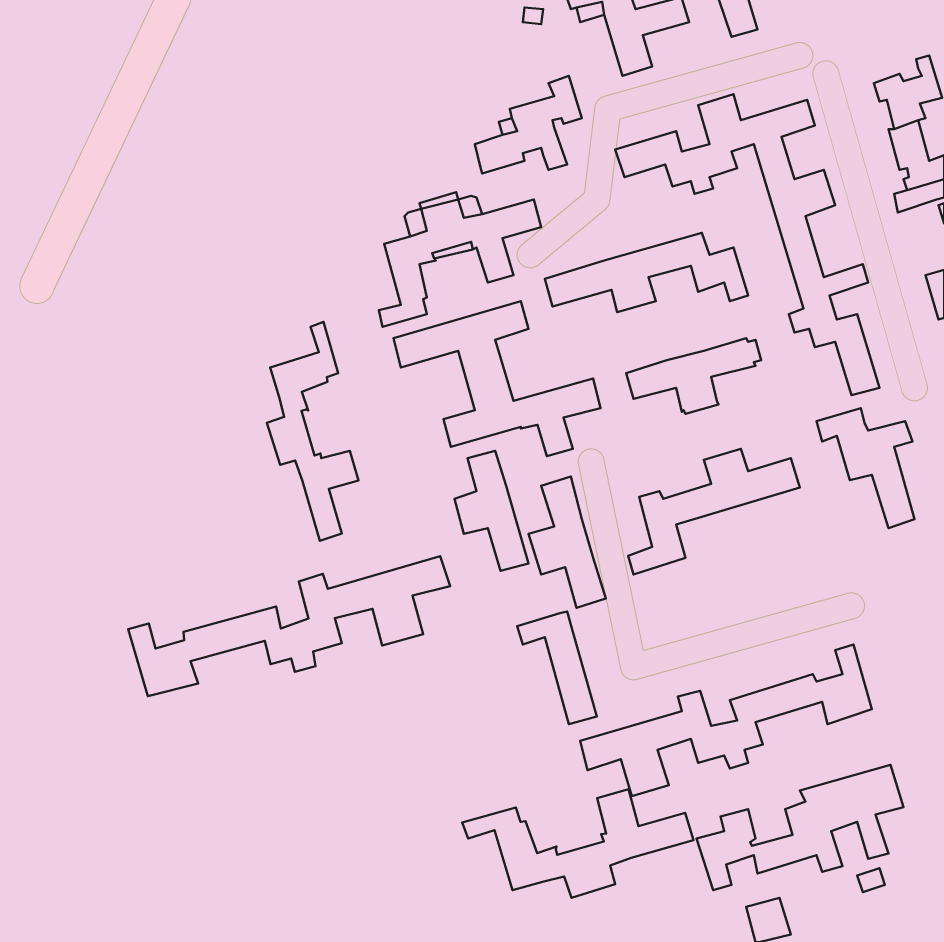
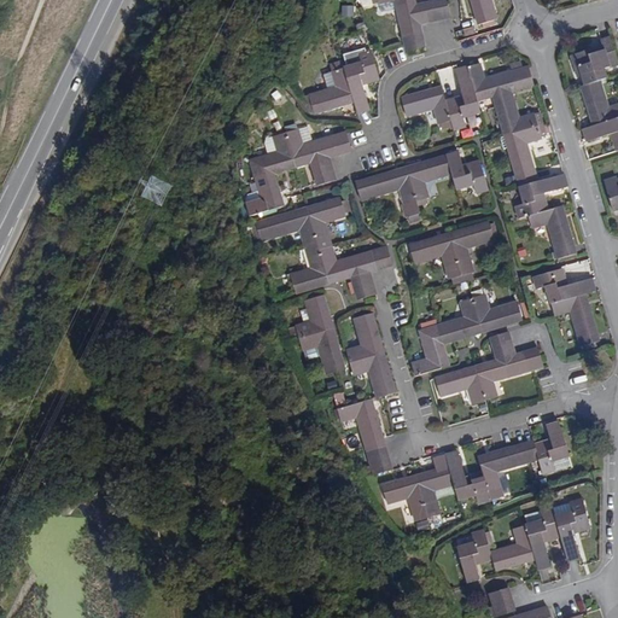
building: [267,322,359,541] -> none
building: none -> [436,332,543,402]
building: [128,556,450,696] -> none
building: [462,789,694,898] -> none

